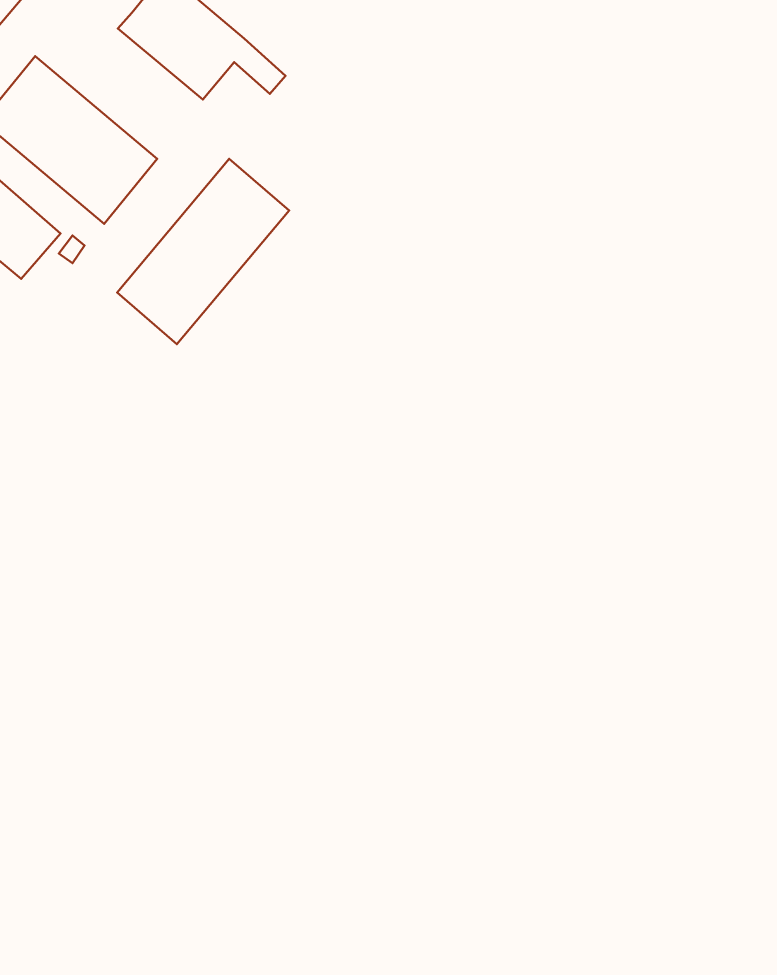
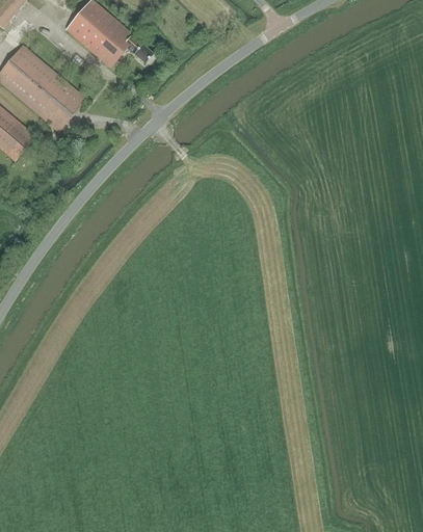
building: [117,159,289,344] -> none

